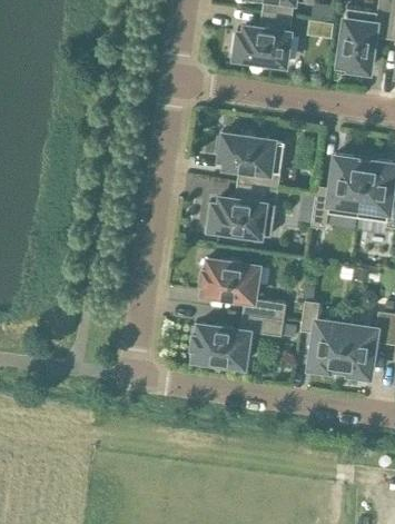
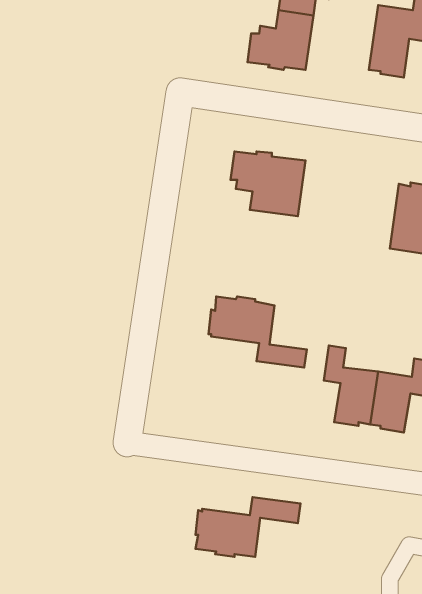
building: [312,157,365,231] -> none
building: [210,186,278,237] -> none
building: [194,316,284,367] -> [196,497,300,557]

